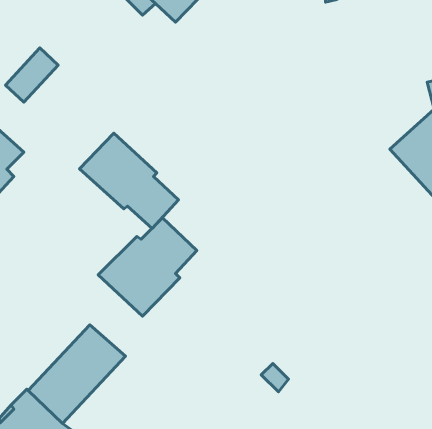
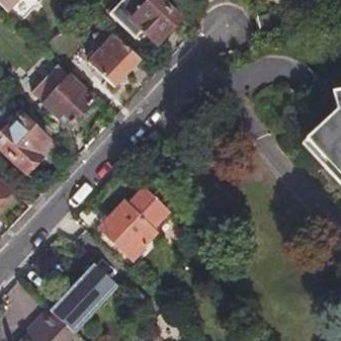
building: none -> [90,36,142,87]
building: none -> [49,78,97,125]
building: [80,133,178,228] -> none

